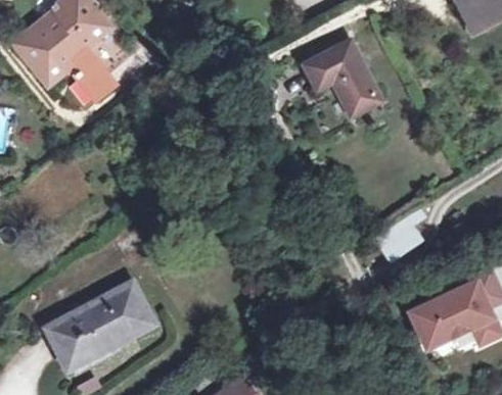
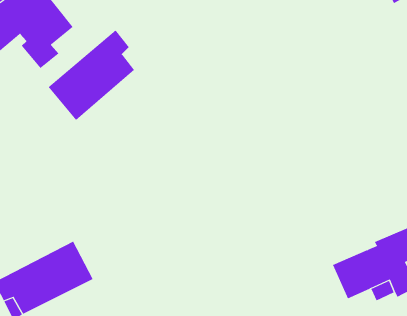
building: [305,41,380,116] -> none
building: none -> [48,30,135,121]

